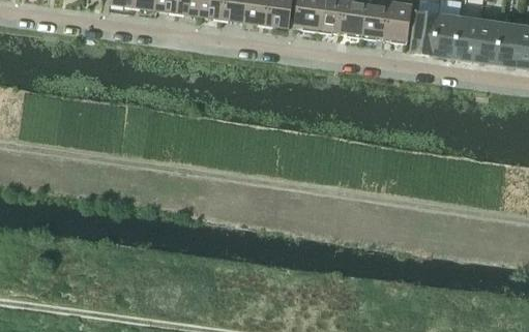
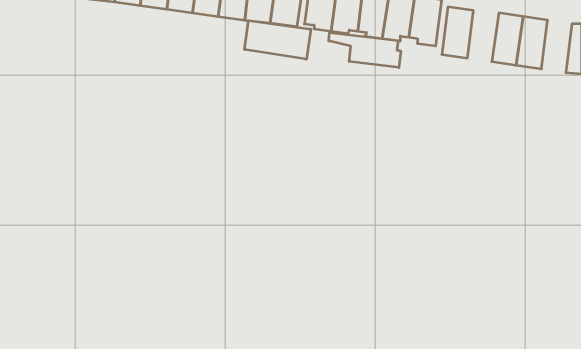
building: [432,13,459,57] -> none
building: [495,22,521,66] -> none
building: none -> [245,21,311,59]
building: none -> [329,33,401,68]

